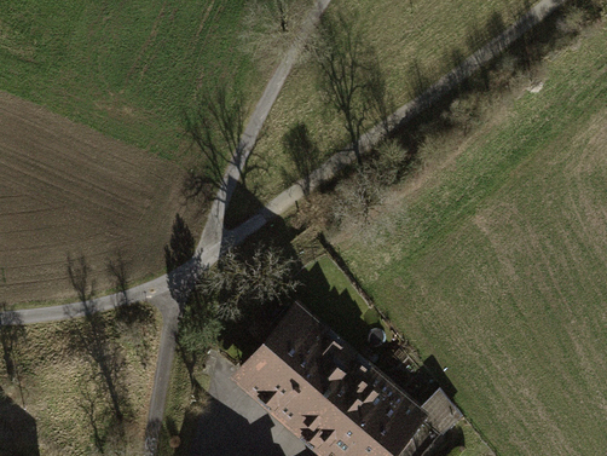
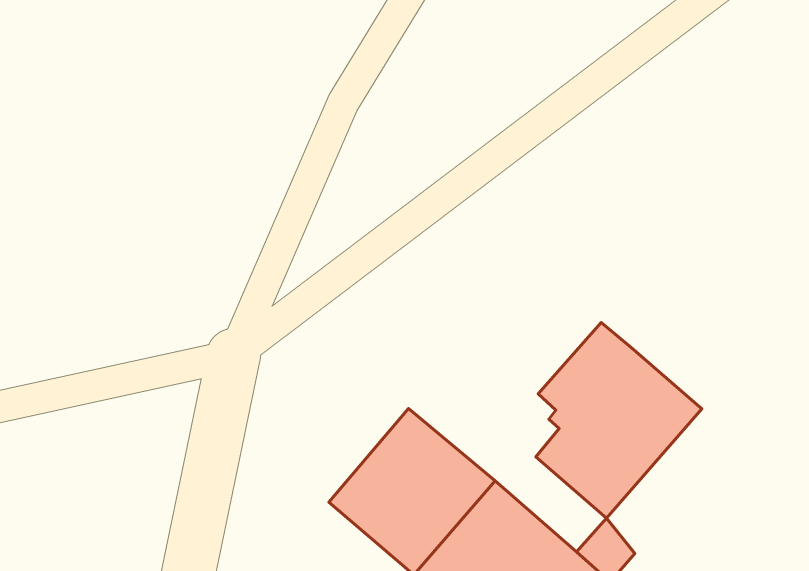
building: none -> [536,322,702,518]

